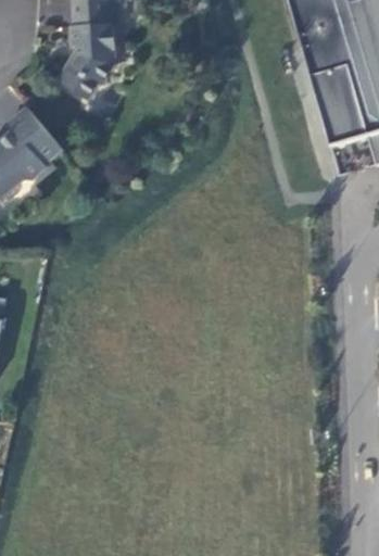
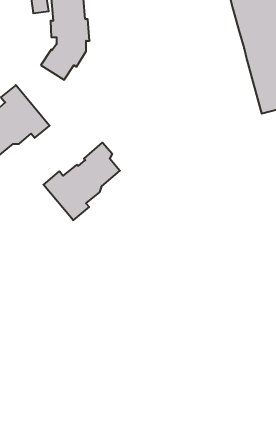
building: none -> [43,143,120,220]

